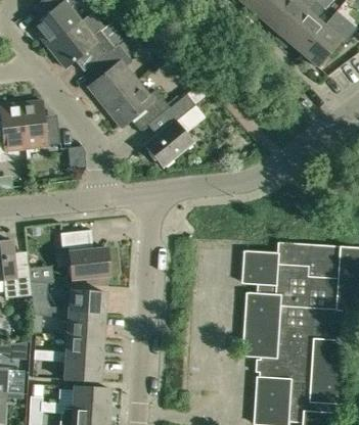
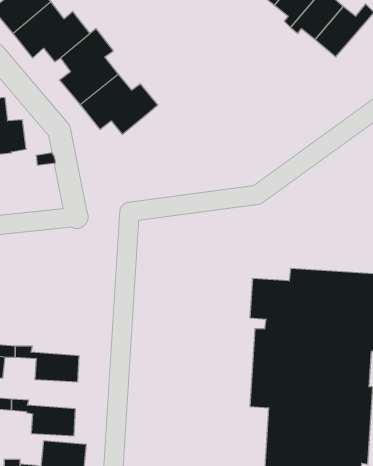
building: [144,80,212,166] -> none
building: [59,230,109,279] -> none
building: [63,289,105,315] -> none
building: [60,334,102,359] -> none

